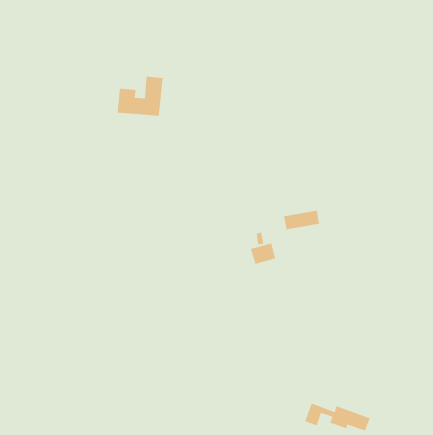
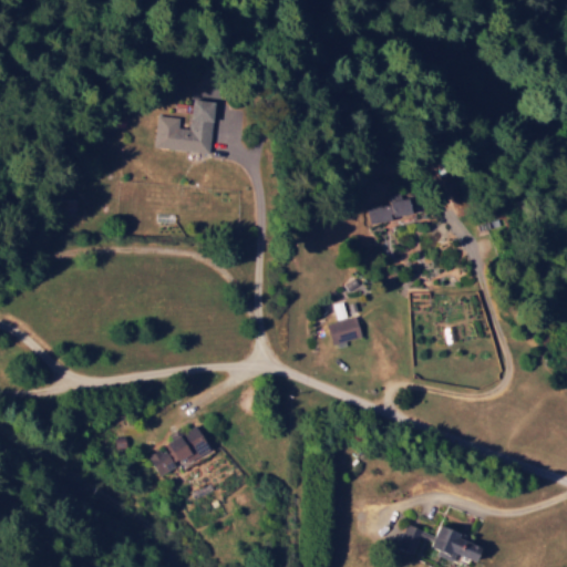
building: [283,210,320,230] -> [368,197,415,224]
building: none -> [150,425,210,475]

